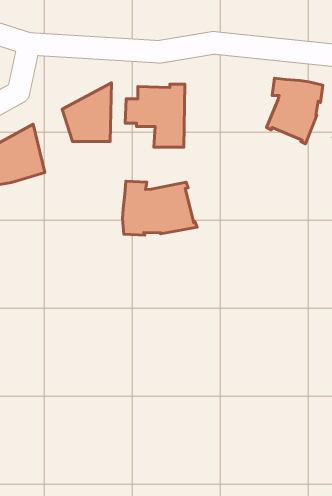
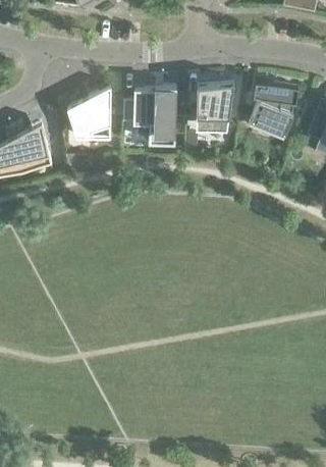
building: none -> [195,82,233,132]
building: [123,181,197,235] -> none

